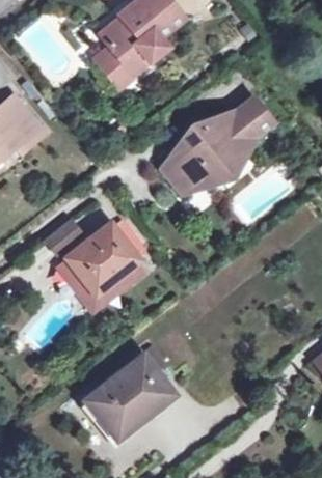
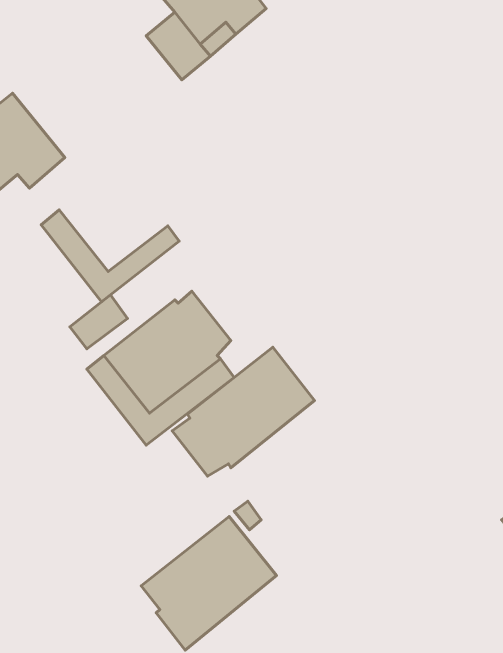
building: [158,100,274,195] -> none
building: none -> [41,210,179,302]
building: none -> [172,347,314,476]

